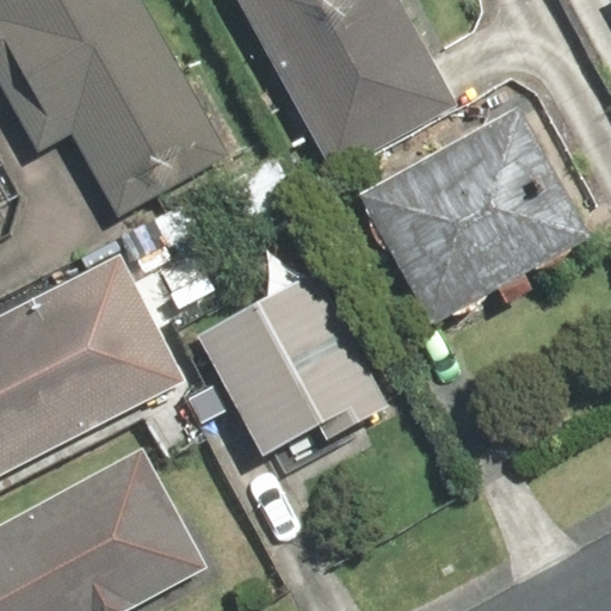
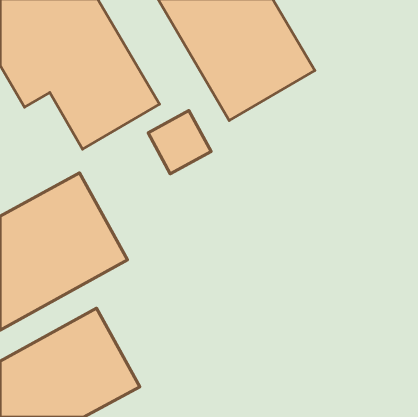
building: [354,111,587,328] -> none
building: [192,273,376,458] -> none

